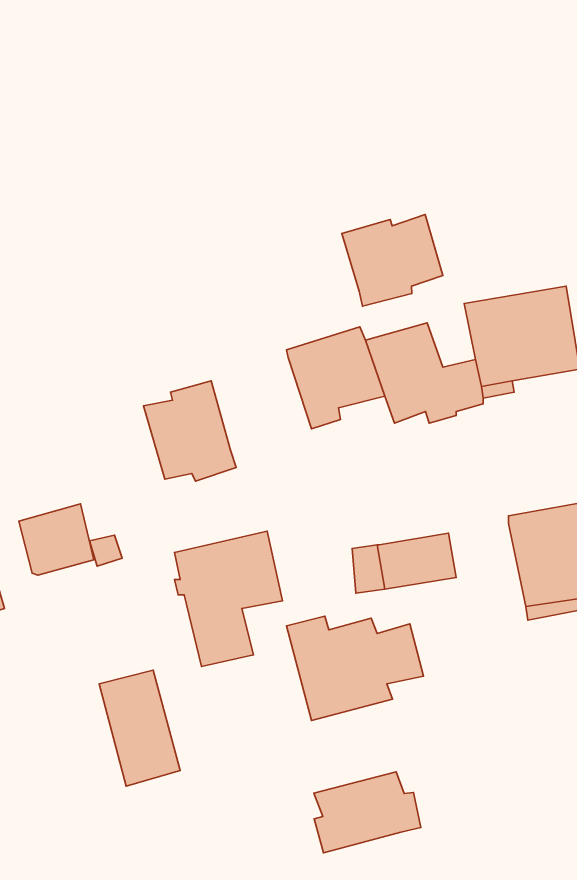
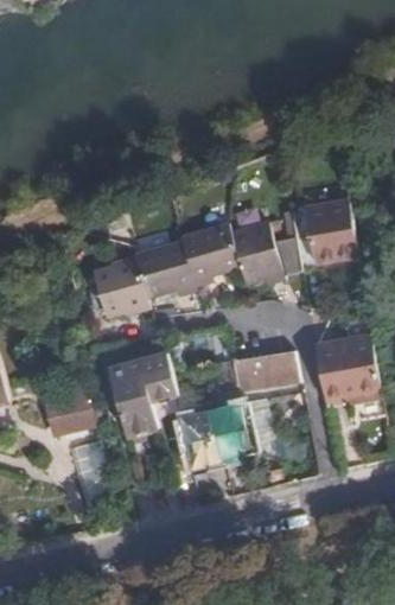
building: [342,214,443,306] -> none
building: none -> [132,244,195,301]
building: [19,504,94,575] -> [44,378,90,422]
building: [314,772,421,853] -> none

